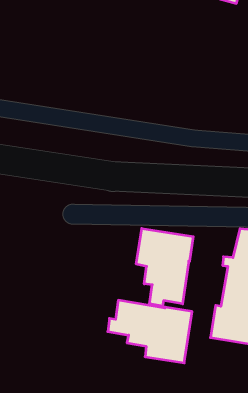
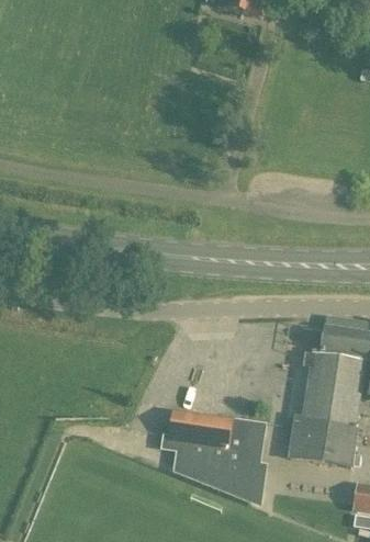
building: [136,228,193,306] -> none

